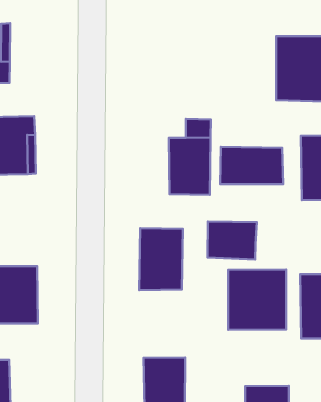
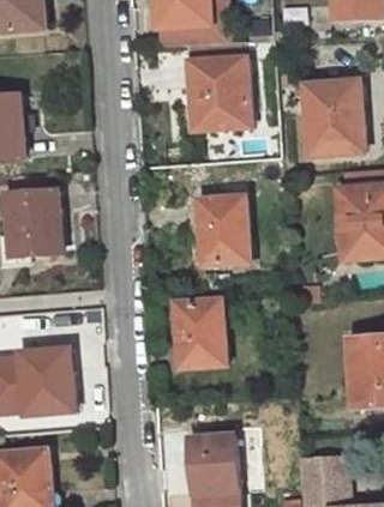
building: none -> [190,58,251,128]
building: [220,147,283,184] -> none
building: [207,221,257,259] -> none
building: [228,269,286,330] -> none

